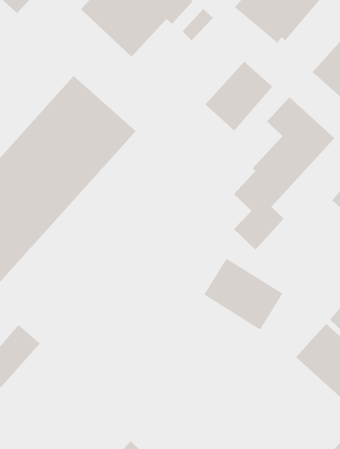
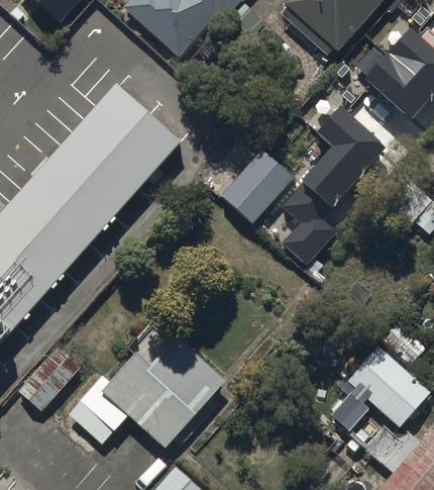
building: [204,61,273,132] -> [221,152,293,225]
building: [204,258,283,330] -> none
building: none -> [65,333,226,445]

